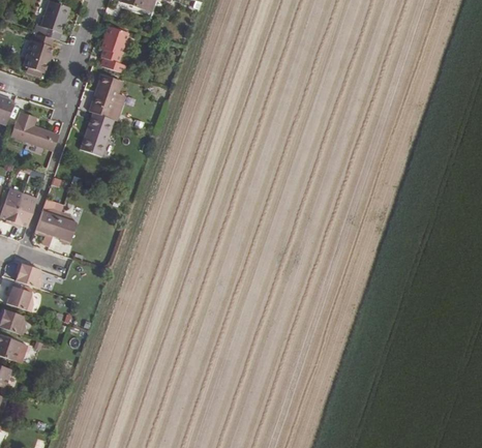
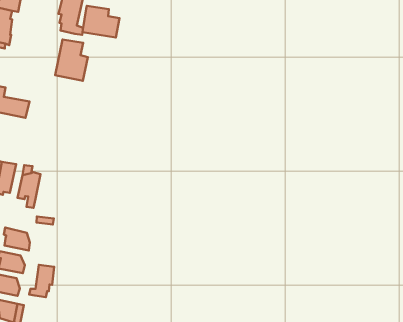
building: none -> [82,6,120,37]
building: [80,112,114,156] -> none
building: [53,211,77,244] -> none
building: none -> [29,265,54,297]

